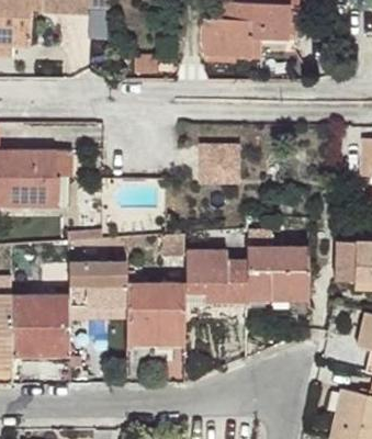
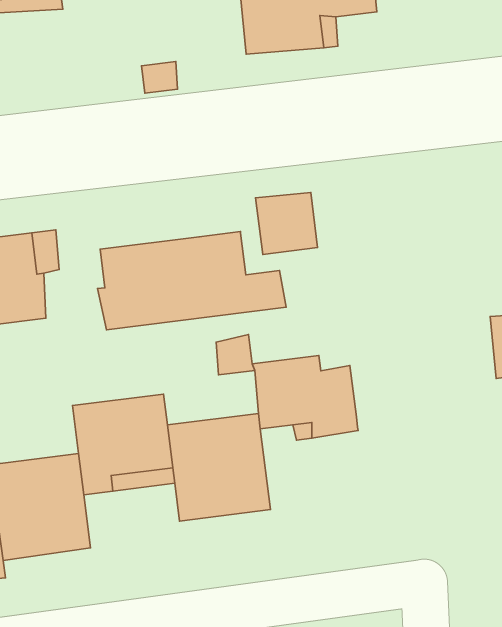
building: none -> [97,232,286,330]
building: [246,245,308,301] -> none

